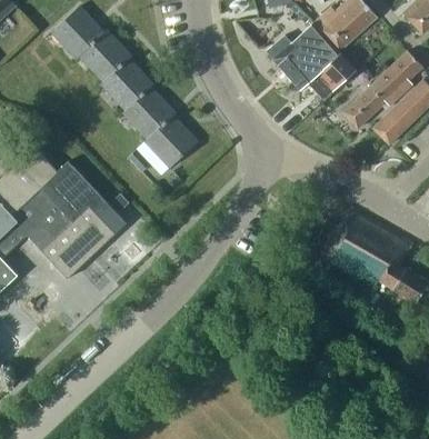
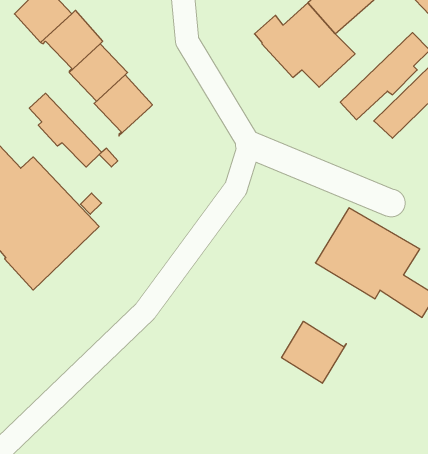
building: none -> [29,93,101,167]
building: [146,117,198,168] -> none
building: none -> [282,321,346,383]

